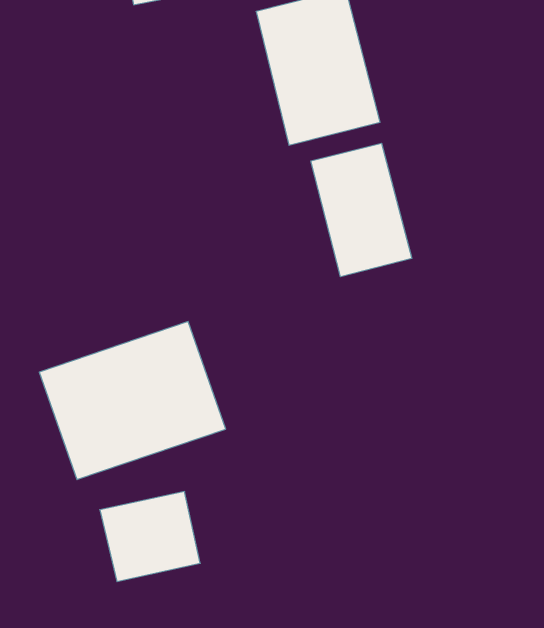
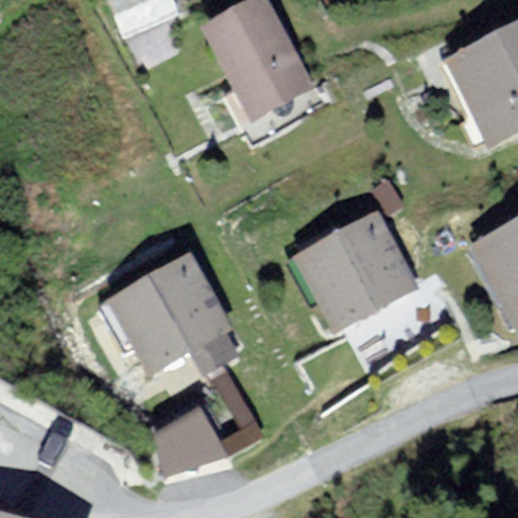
building: [311,143,412,277] -> none
building: none -> [300,220,421,335]

